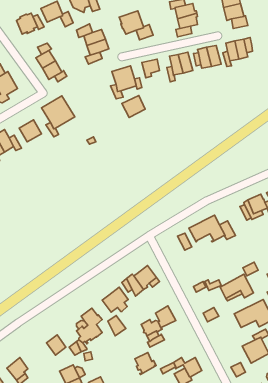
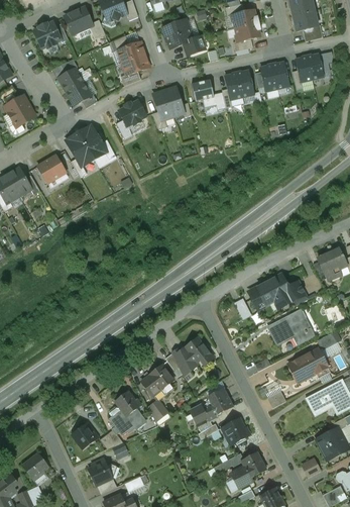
building: [122,96,145,117] -> [118,99,147,126]
building: none -> [268,310,315,341]
building: [135,353,156,374] -> [223,417,249,444]

